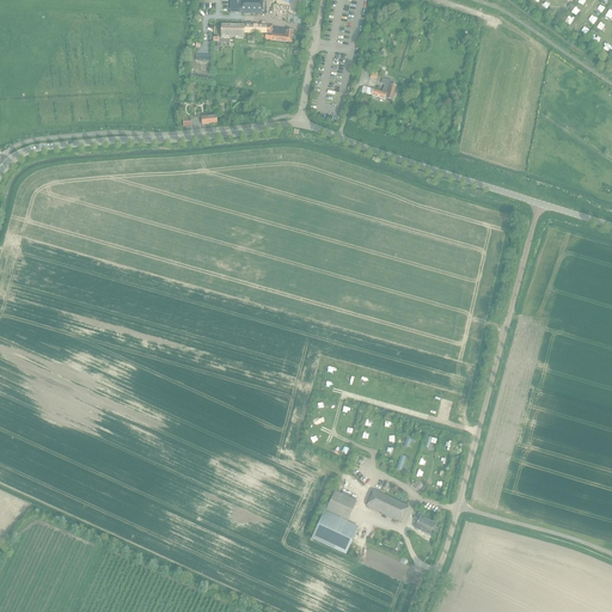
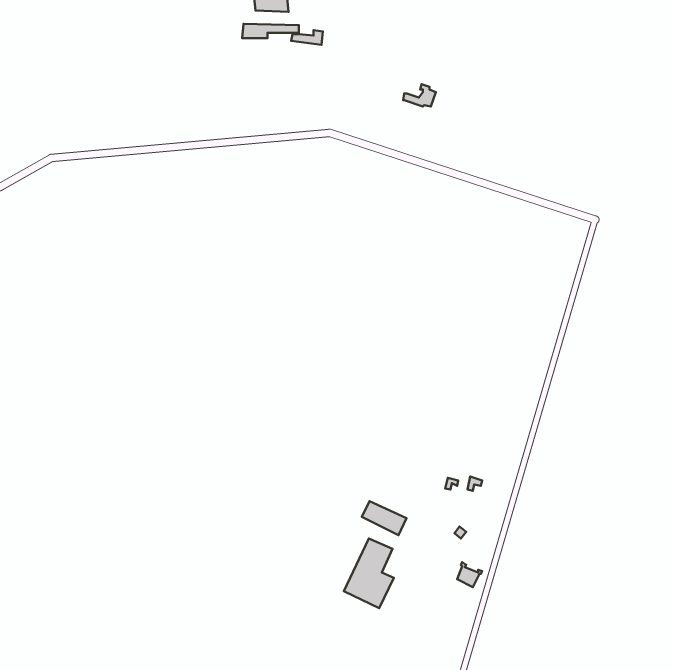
building: [367,489,408,520] -> [362,501,406,535]

